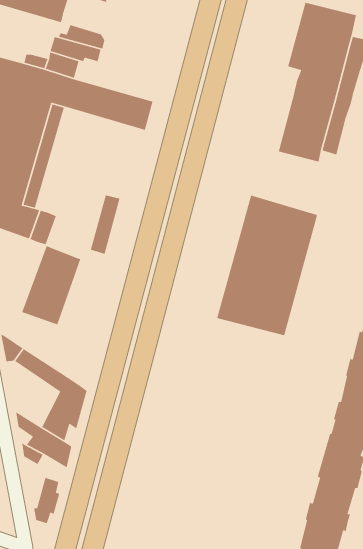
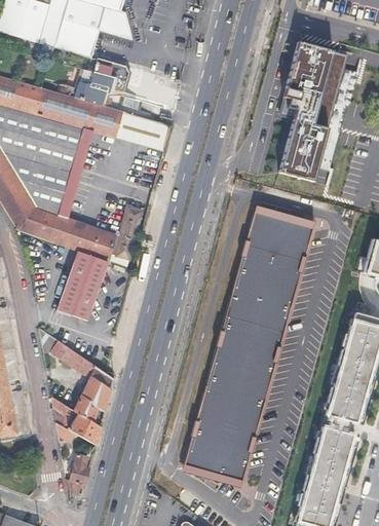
building: none -> [77,225,115,262]
building: none -> [182,314,285,486]

